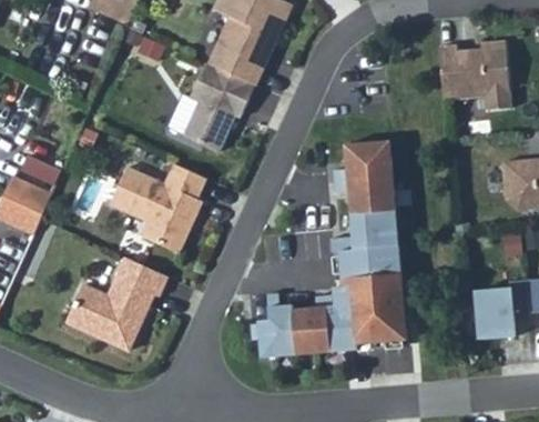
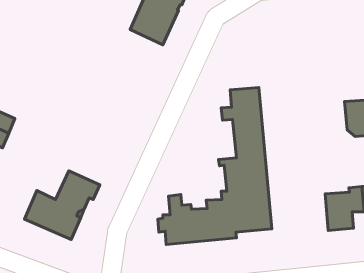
building: [439,42,510,111] -> none
building: [184,63,255,152] -> none
building: [112,163,207,252] -> none

